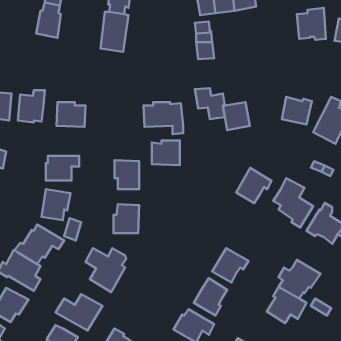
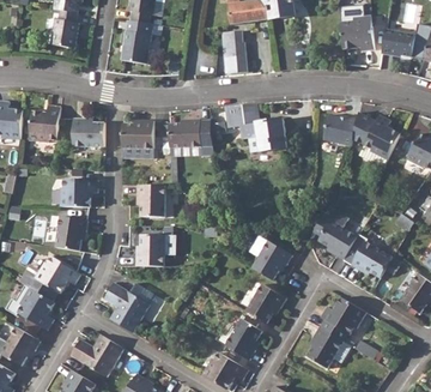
building: [152,140,180,165] -> [122,121,153,149]
building: [236,168,271,203] -> [253,240,292,279]

